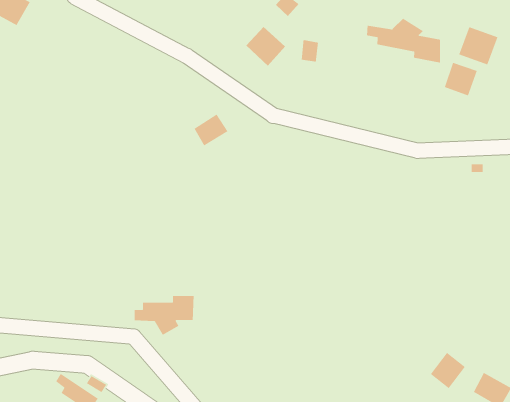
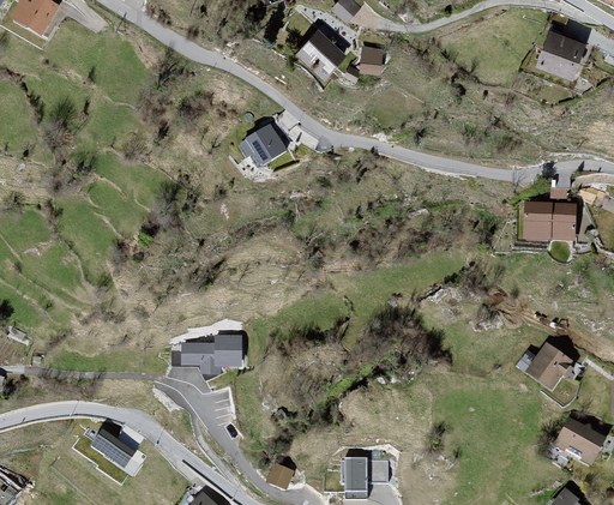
building: [366,18,441,63] -> none
building: [444,62,478,97] -> none
building: none -> [519,206,573,242]
building: [430,352,466,389] -> [526,348,567,390]

